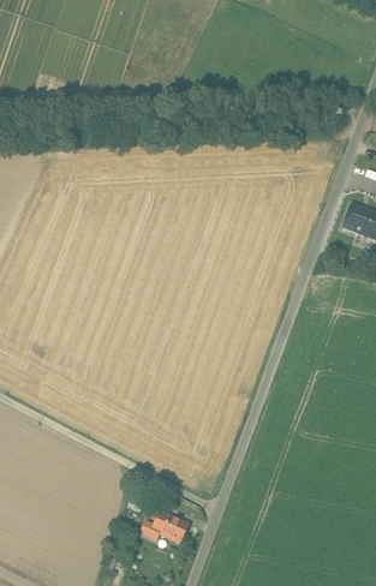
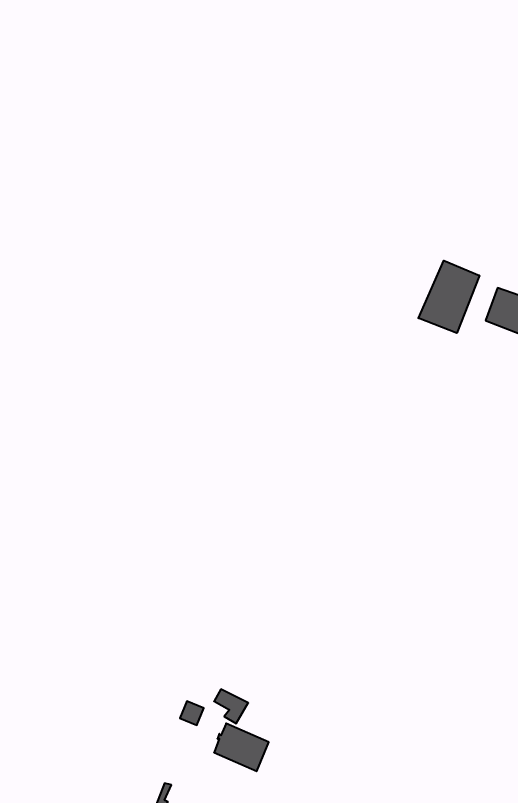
building: none -> [418,261,479,333]

